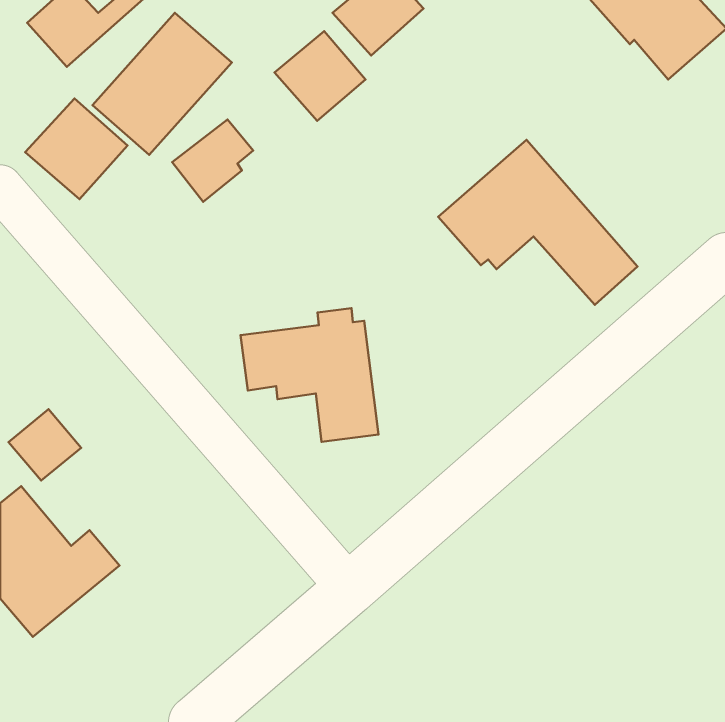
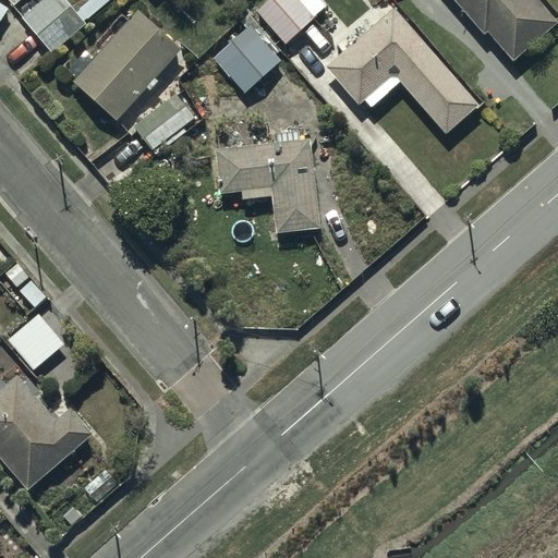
building: [25,98,127,199] -> none
building: [438,140,637,305] -> [326,8,478,134]
building: [241,308,379,442] -> [214,129,319,231]

